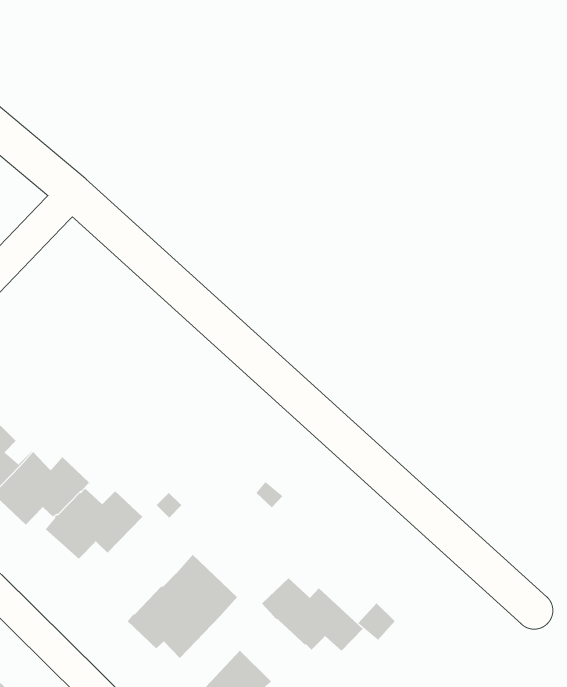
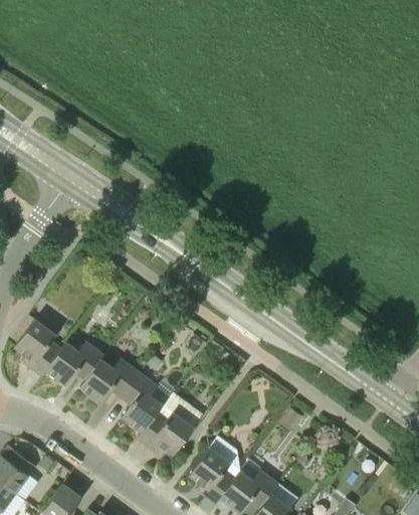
building: none -> [120,372,164,433]
building: [261,577,364,656] -> none

